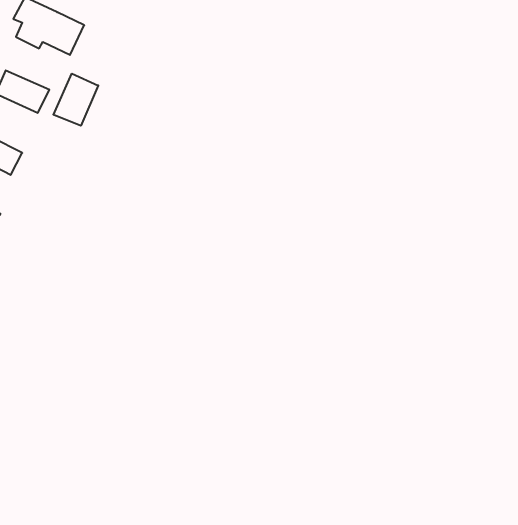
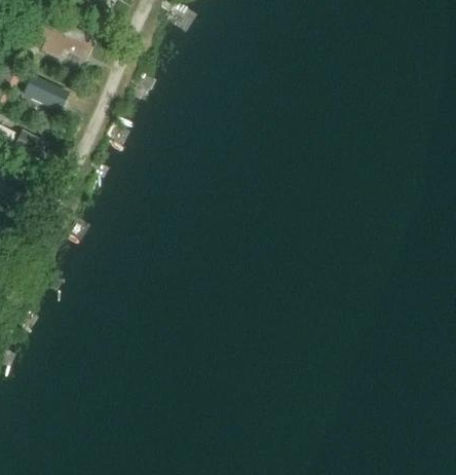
building: [53,74,98,126] -> none

